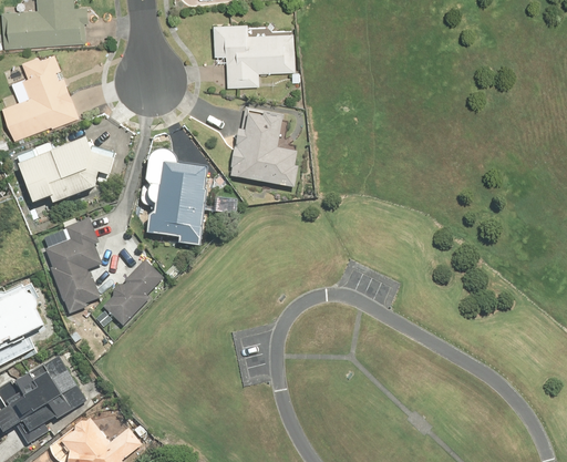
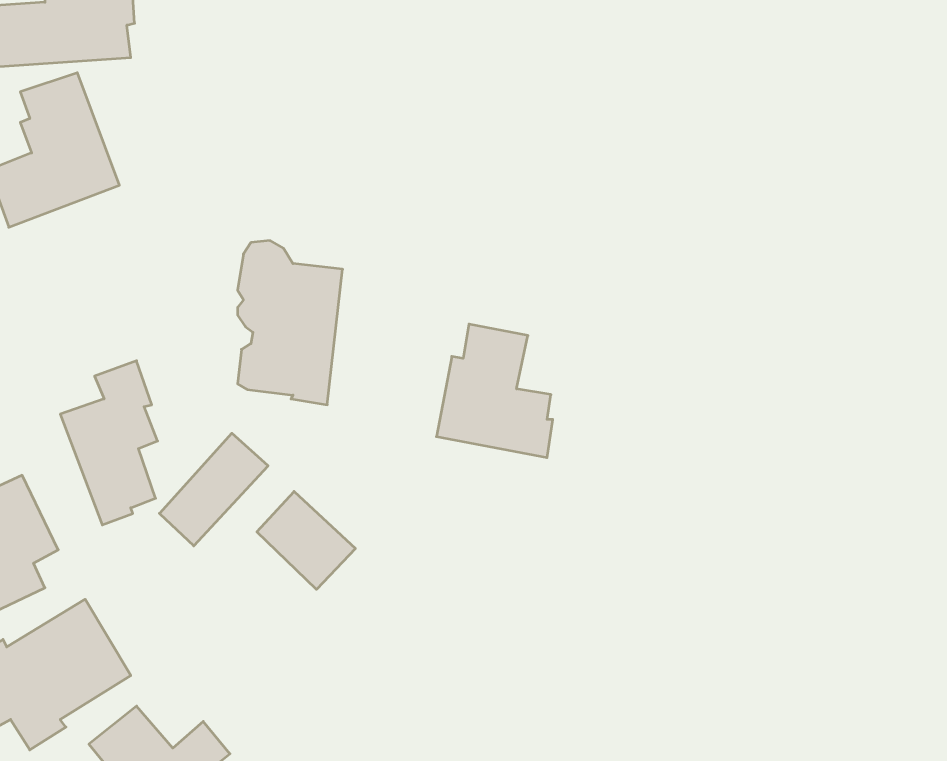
building: [210,23,292,86] -> none
building: [228,111,296,188] -> [436,324,553,458]
building: [13,136,113,205] -> none
building: none -> [257,491,355,589]

